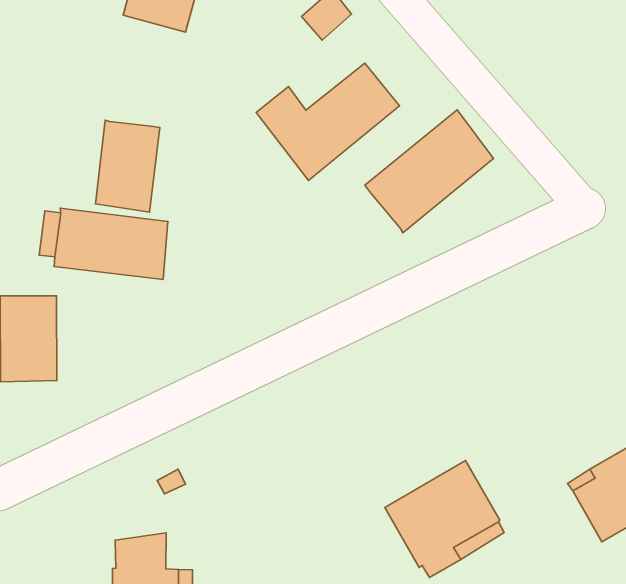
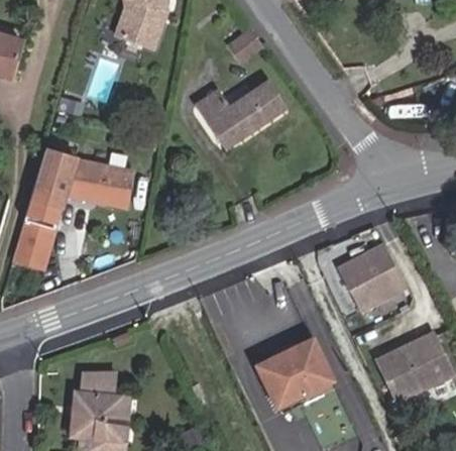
building: [365,110,494,233] -> none
building: [95,120,160,212] -> none
building: none -> [337,245,406,311]

